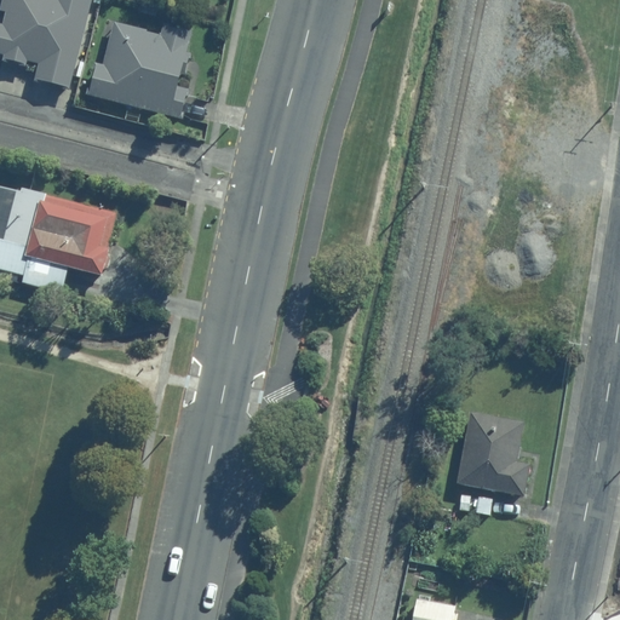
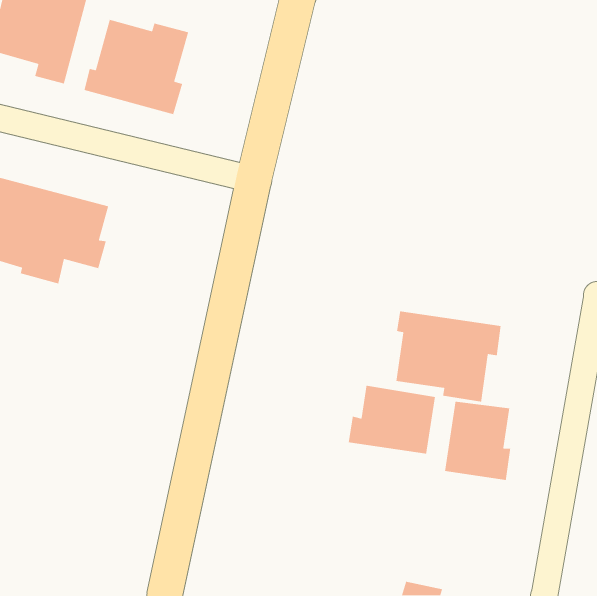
building: none -> [396,310,501,402]
building: none -> [348,385,436,455]

